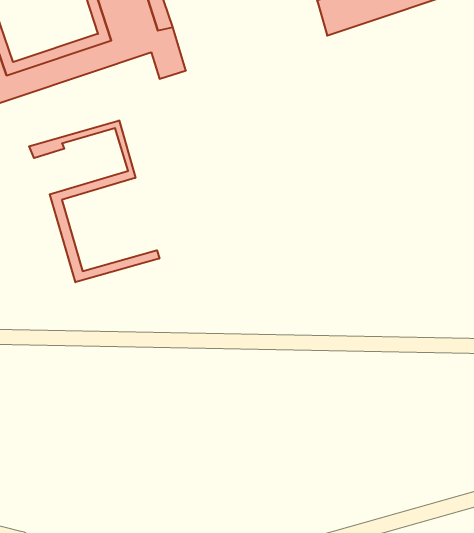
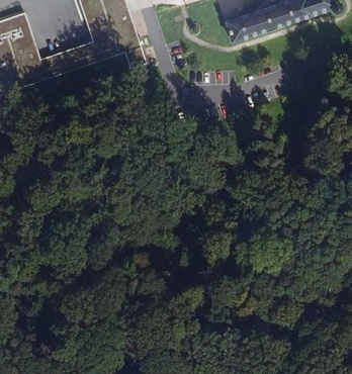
building: [29,120,159,282] -> none

